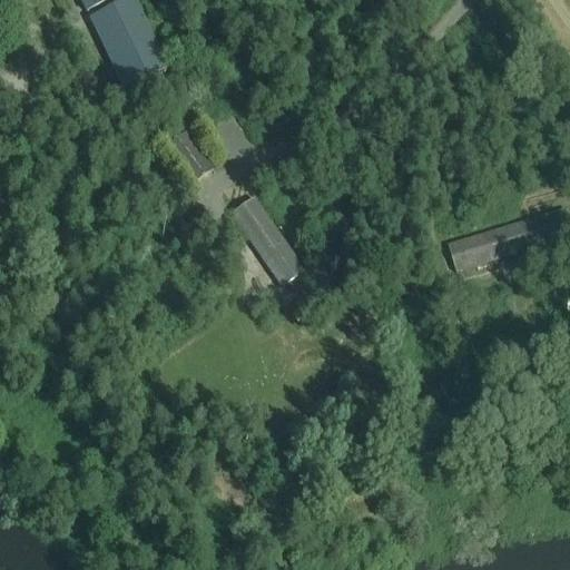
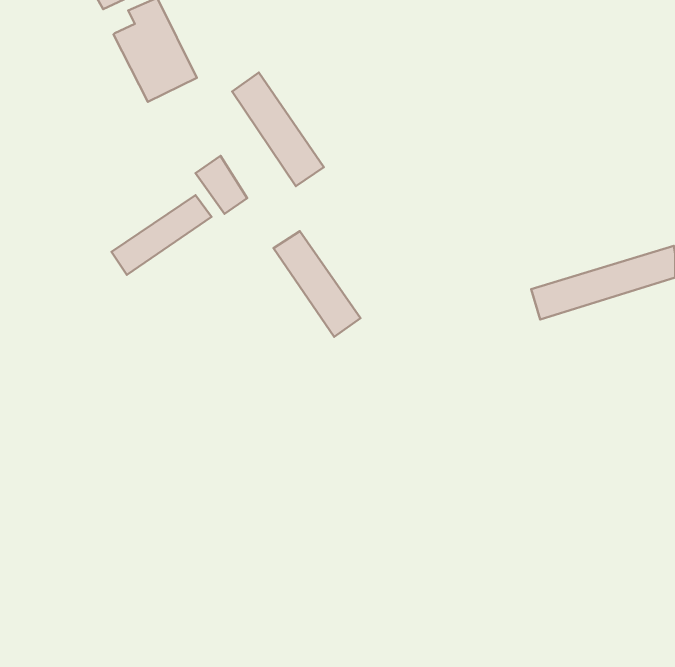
building: none -> [232,72,324,186]
building: none -> [112,195,211,275]

